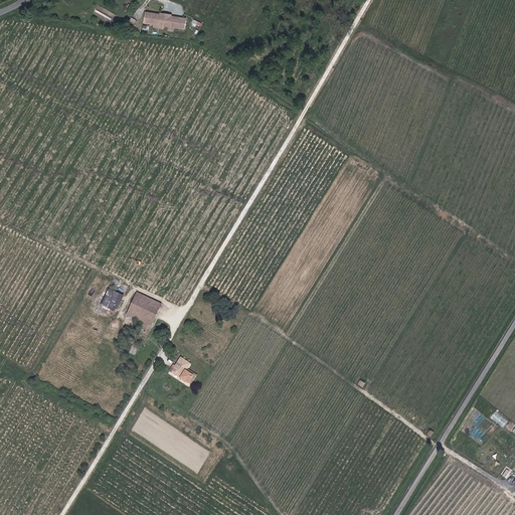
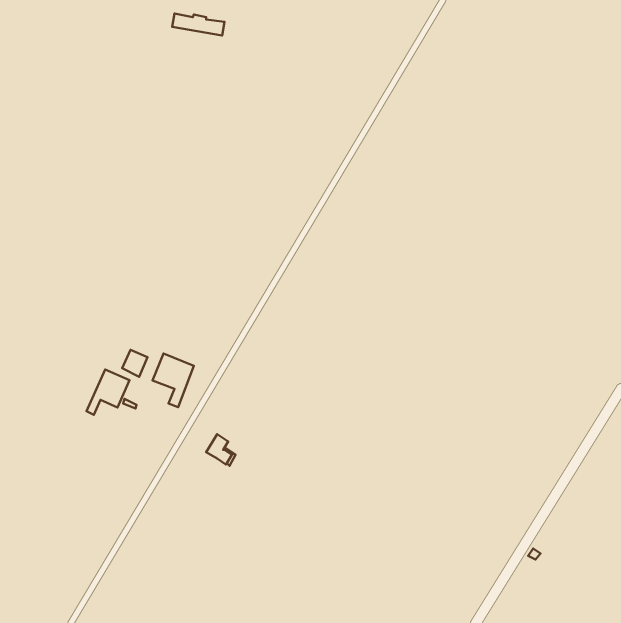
building: none -> [86,369,129,415]

